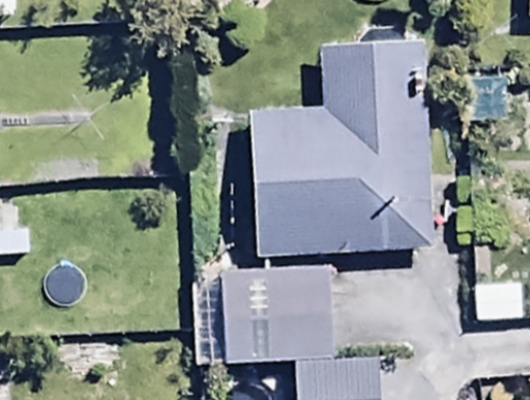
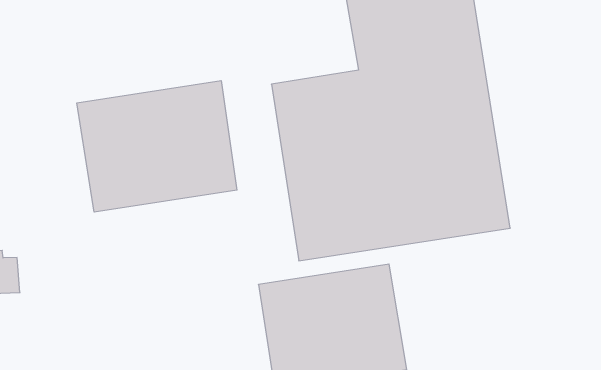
building: none -> [77,81,237,212]

